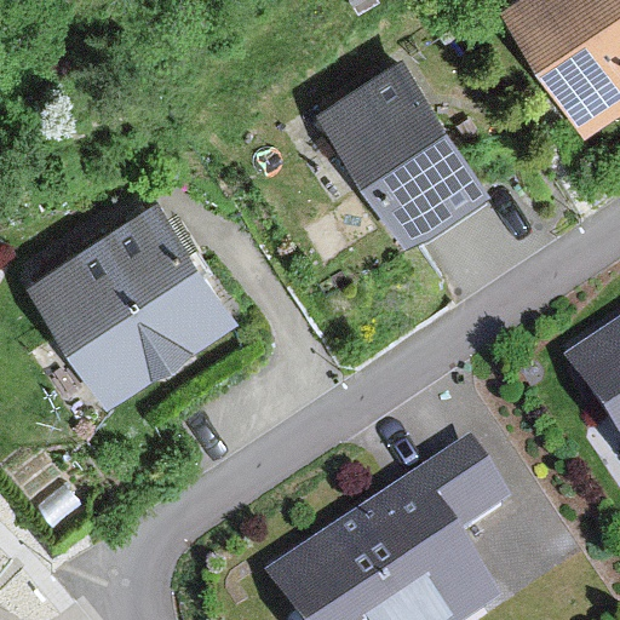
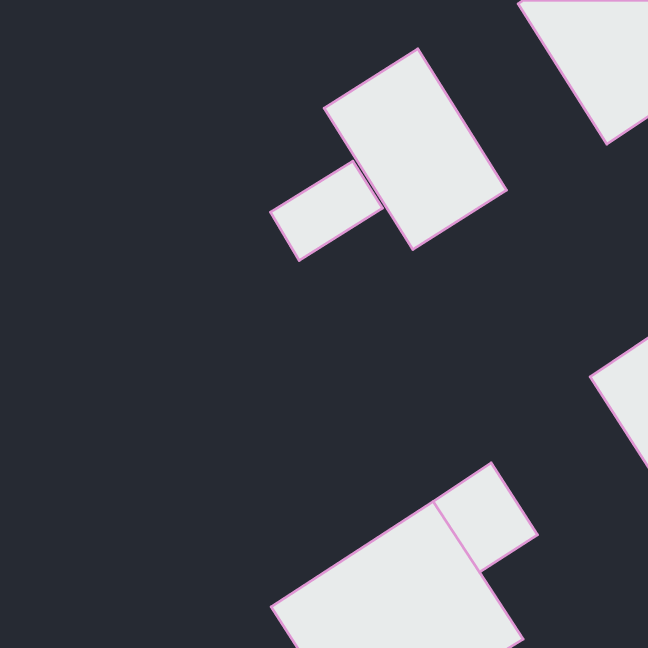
building: none -> [270,161,383,261]
building: [25,195,239,402] -> none

